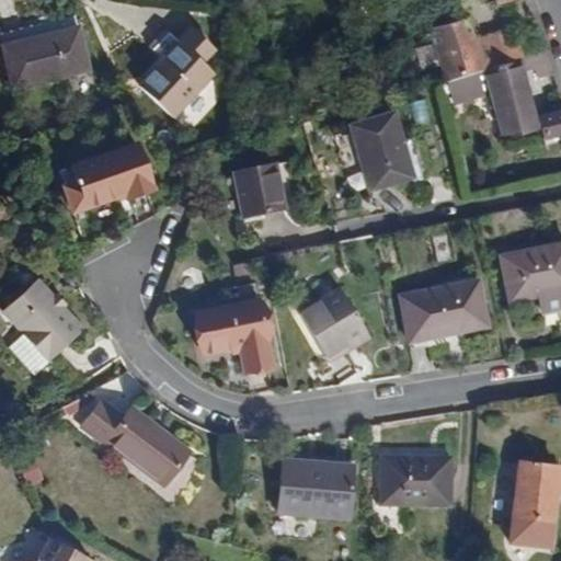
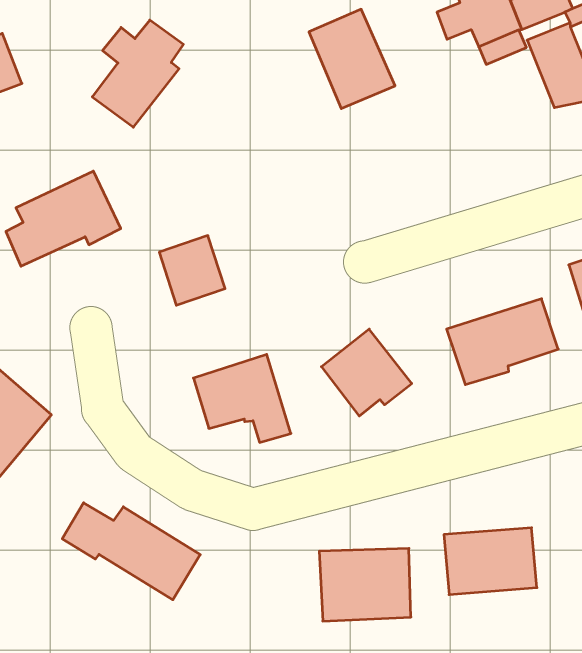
building: [352,113,414,188] -> [309,9,395,109]
building: [236,164,284,216] -> [159,236,225,305]

